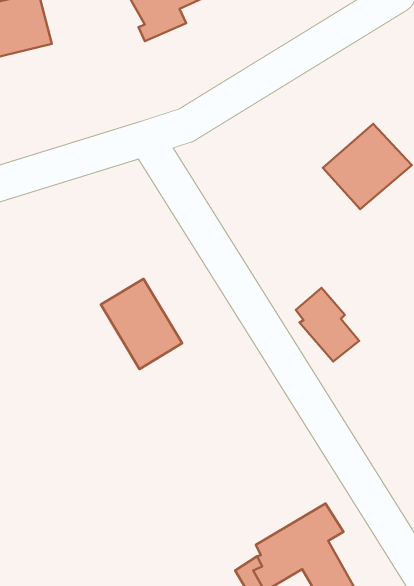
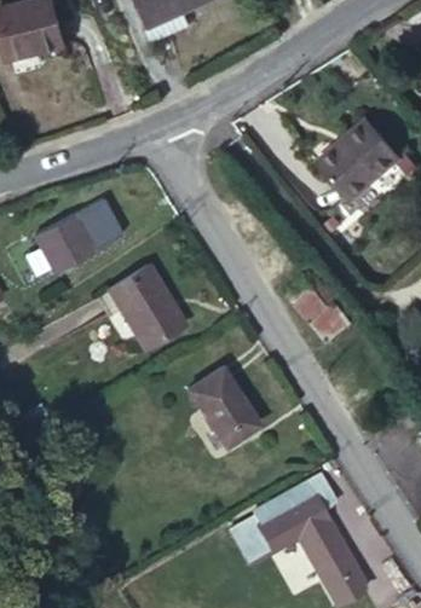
building: none -> [34,199,121,272]
building: none -> [188,369,258,446]

